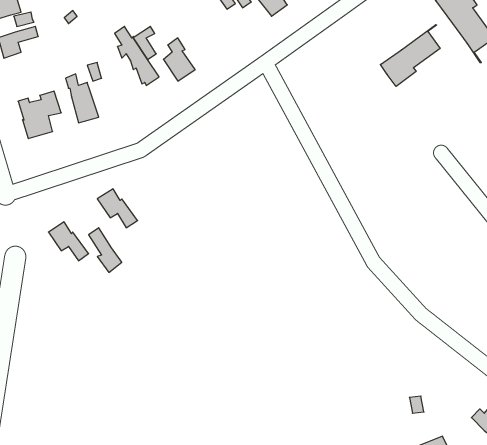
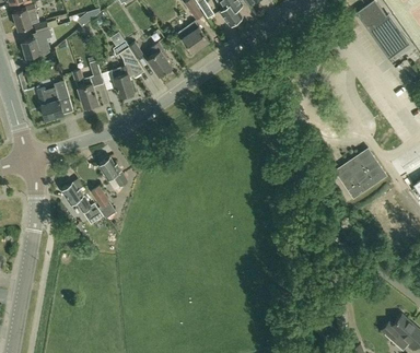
building: none -> [177,21,209,51]
building: [380,25,440,86] -> none
building: none -> [110,64,133,96]
building: none -> [334,152,386,198]

